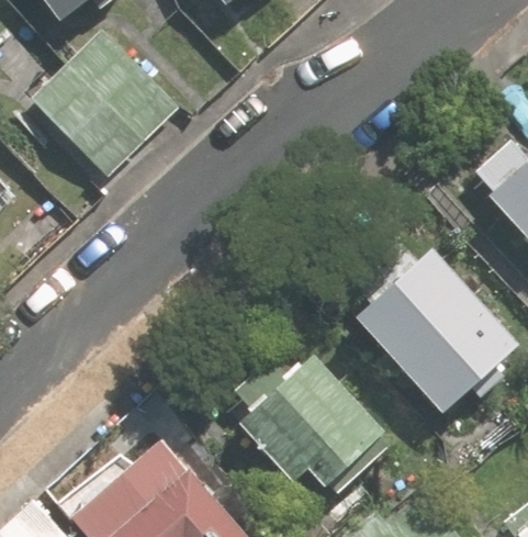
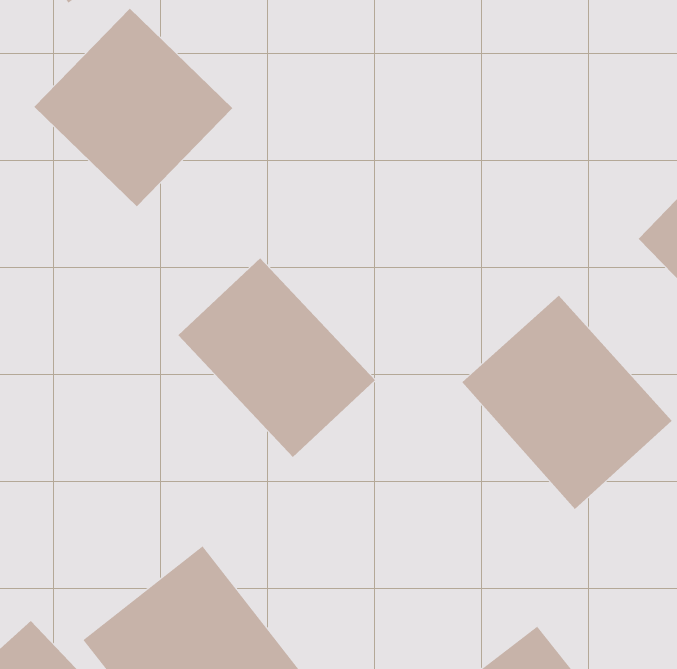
building: none -> [177,258,376,458]
building: [233,354,392,496] -> none

